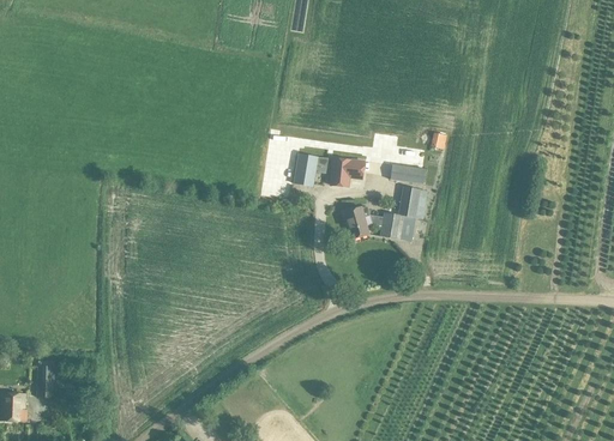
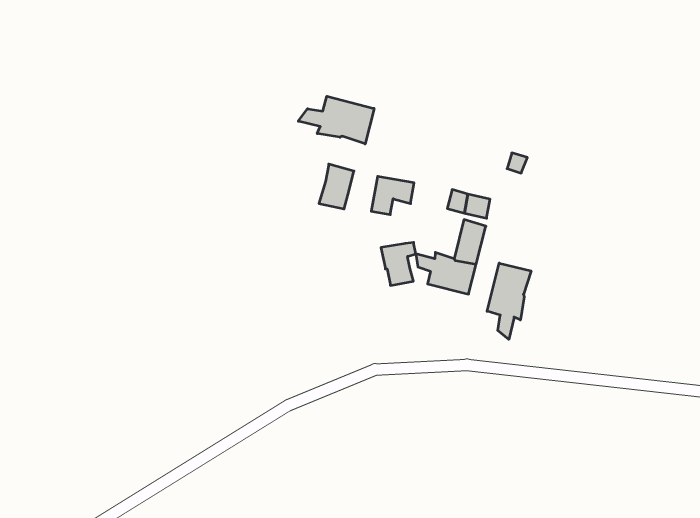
building: none -> [298,96,374,144]
building: none -> [487,263,531,339]

